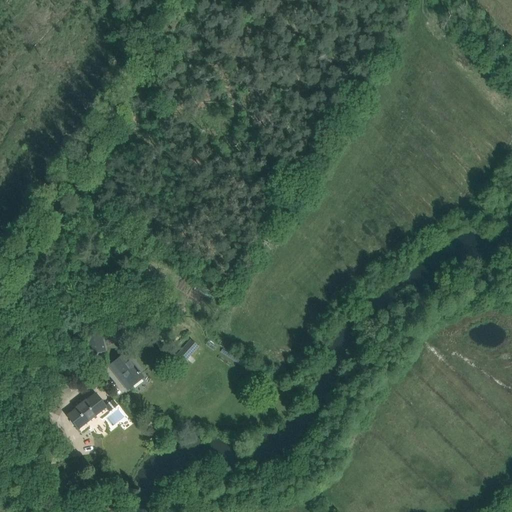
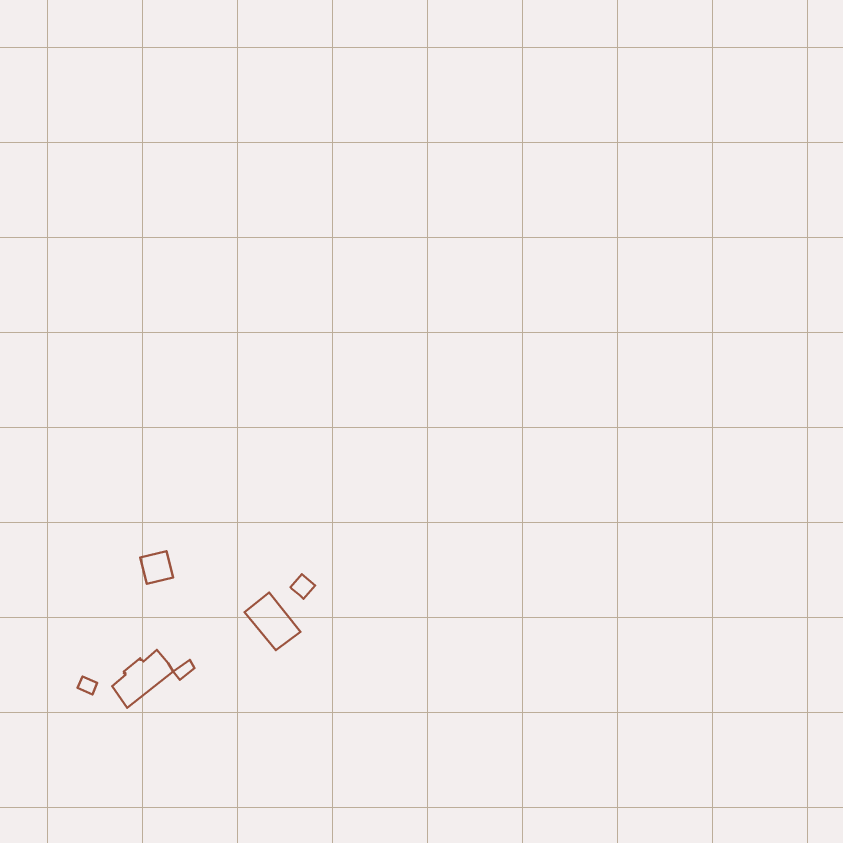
building: [109,354,143,389] -> [244,592,300,650]

